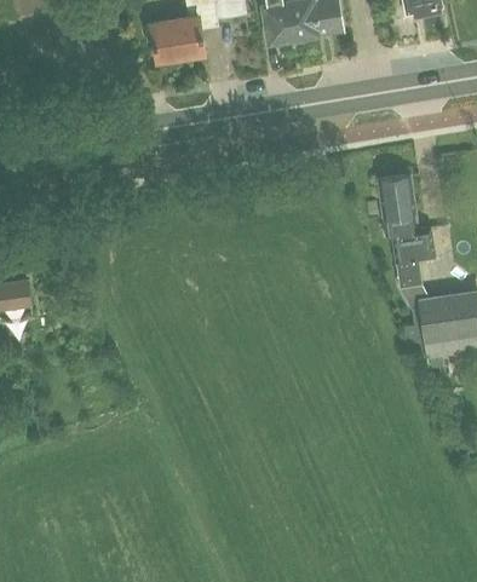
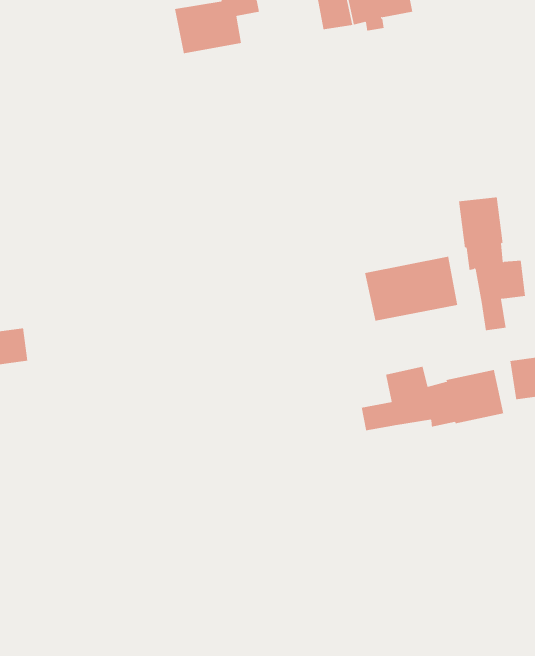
building: none -> [364,256,458,322]
building: none -> [361,366,504,431]

